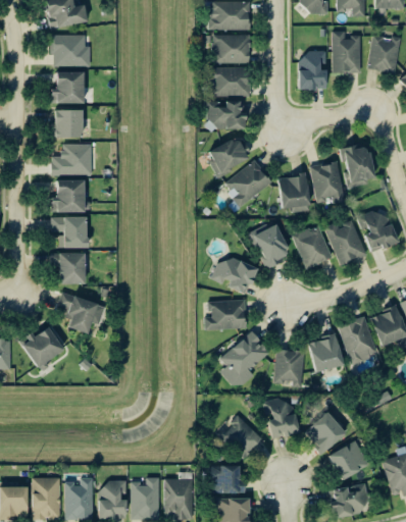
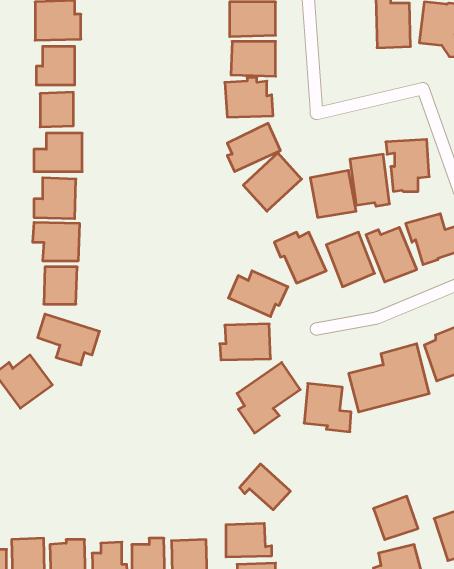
building: [299,51,327,90] -> none
building: [262,398,346,454] -> none

